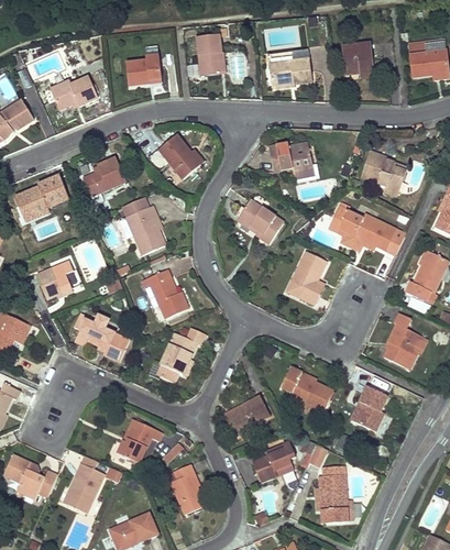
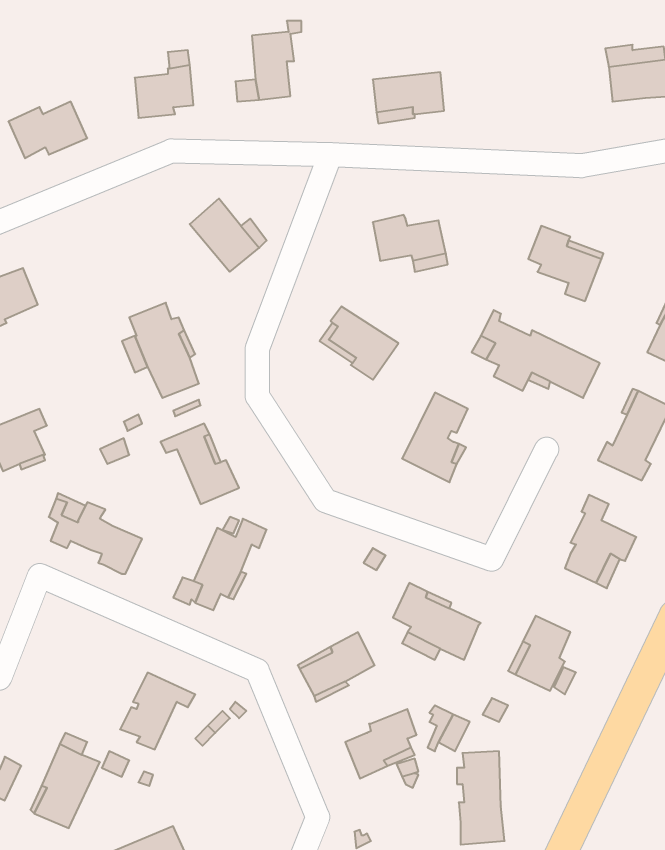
building: [341,43,374,77] -> none
building: [83,157,125,197] -> none
building: [171,464,205,515] -> none

